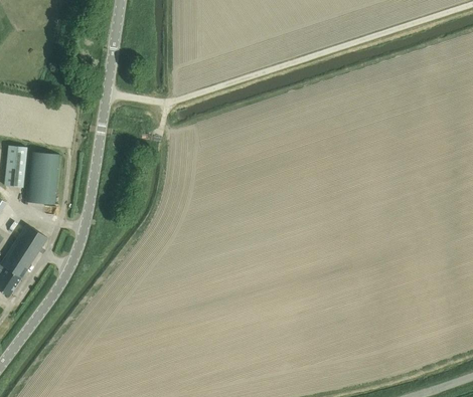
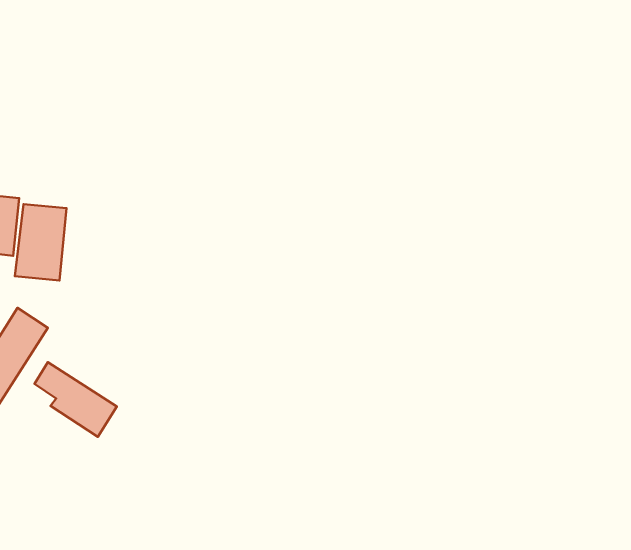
building: none -> [34,362,117,437]

